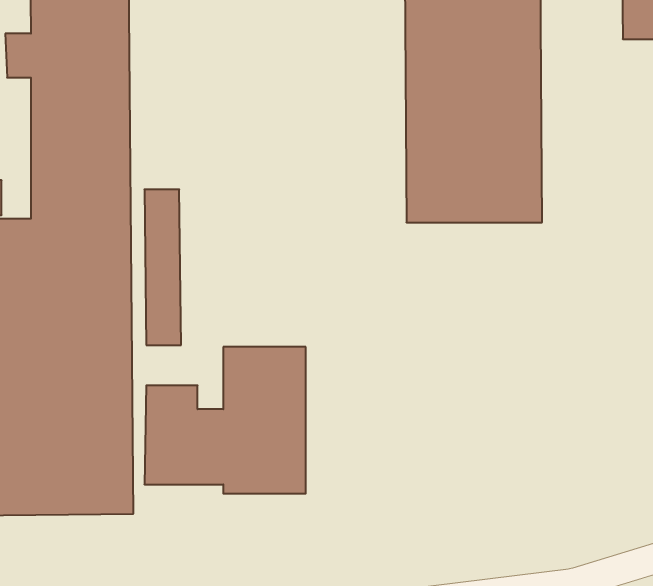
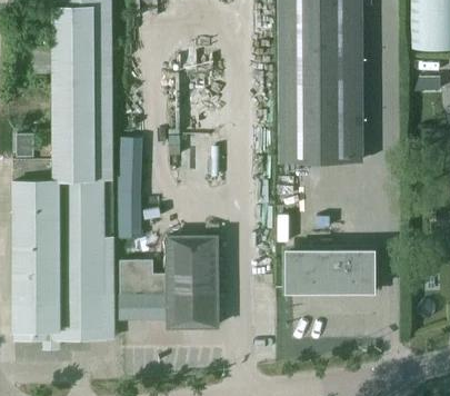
building: none -> [286,250,372,291]

